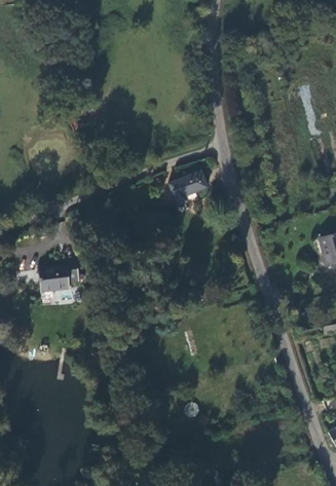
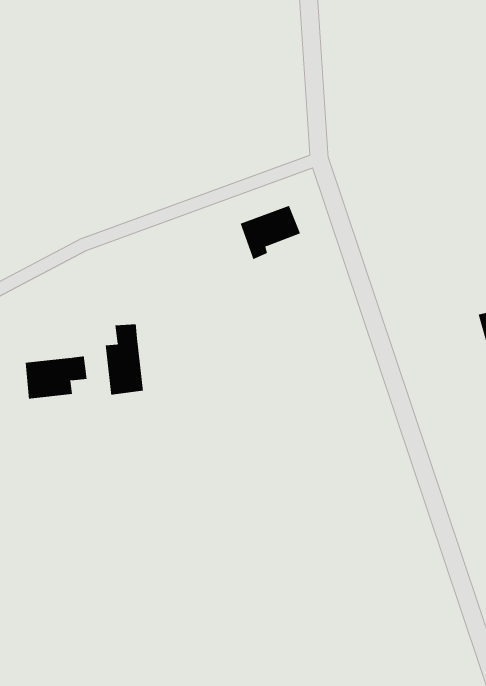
building: none -> [105,323,144,396]

